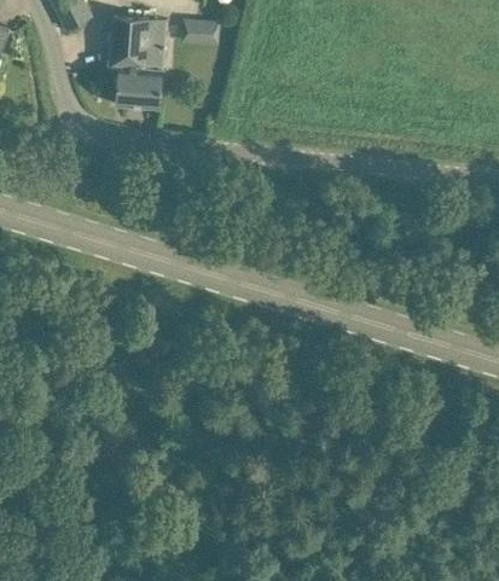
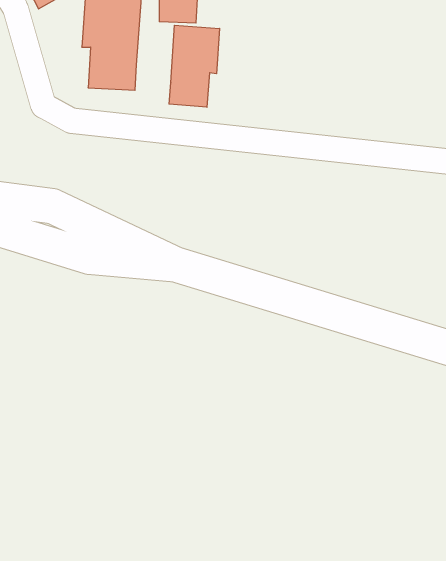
building: none -> [169,25,220,107]

